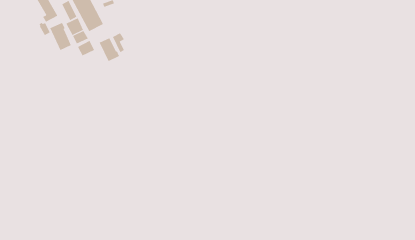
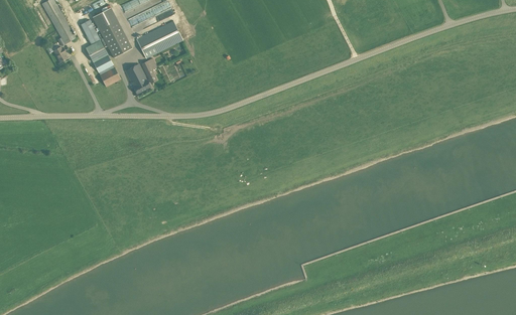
building: none -> [138,25,182,57]
building: [49,22,72,51] -> none

